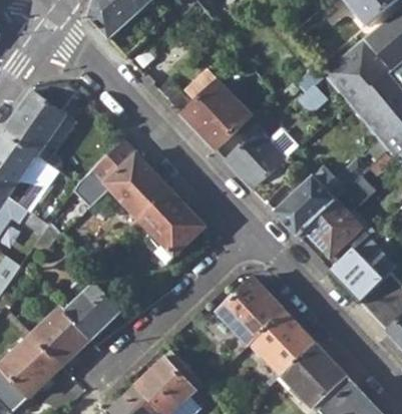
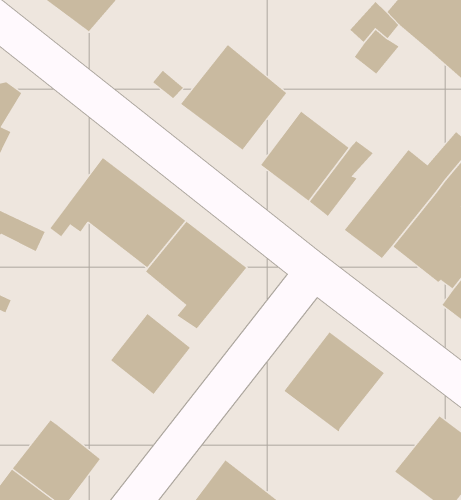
building: [65,283,119,337] -> [110,313,191,395]
building: [250,310,316,375] -> none

